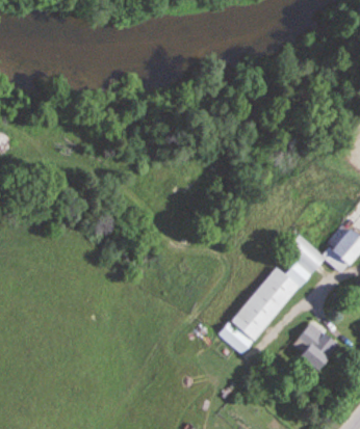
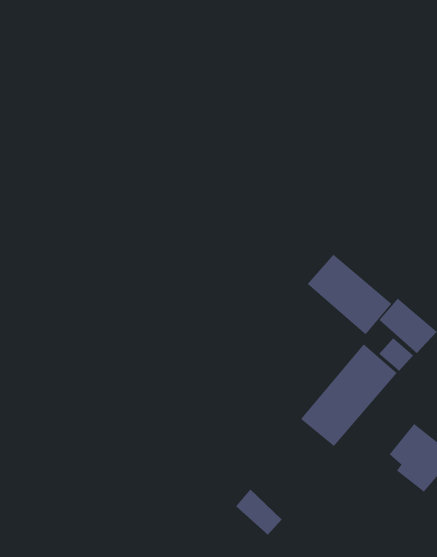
building: none -> [307,254,392,335]
building: [218,322,252,355] -> [235,488,282,536]

